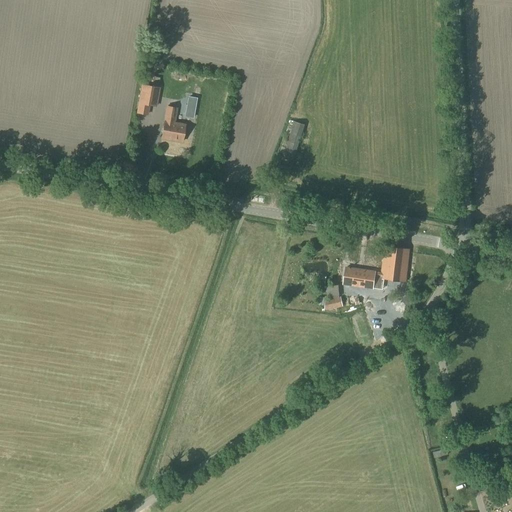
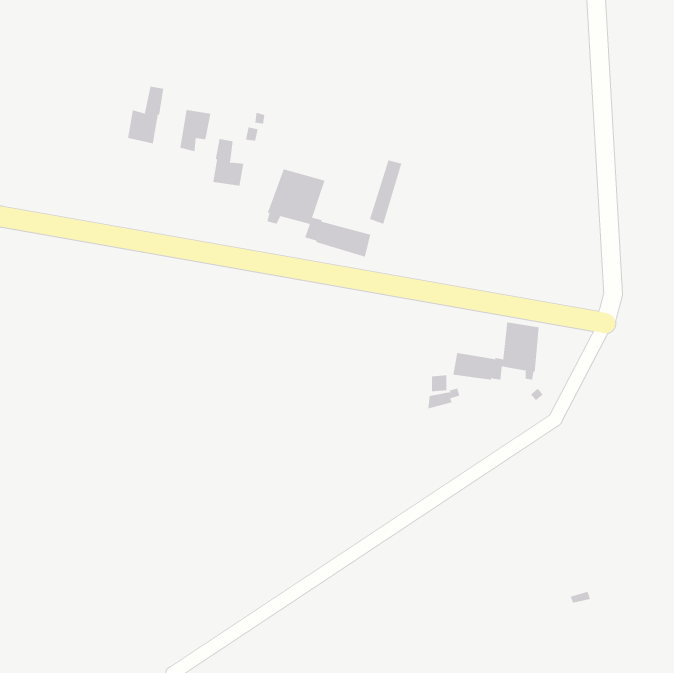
building: none -> [127,86,164,144]
building: none -> [267,168,371,258]

